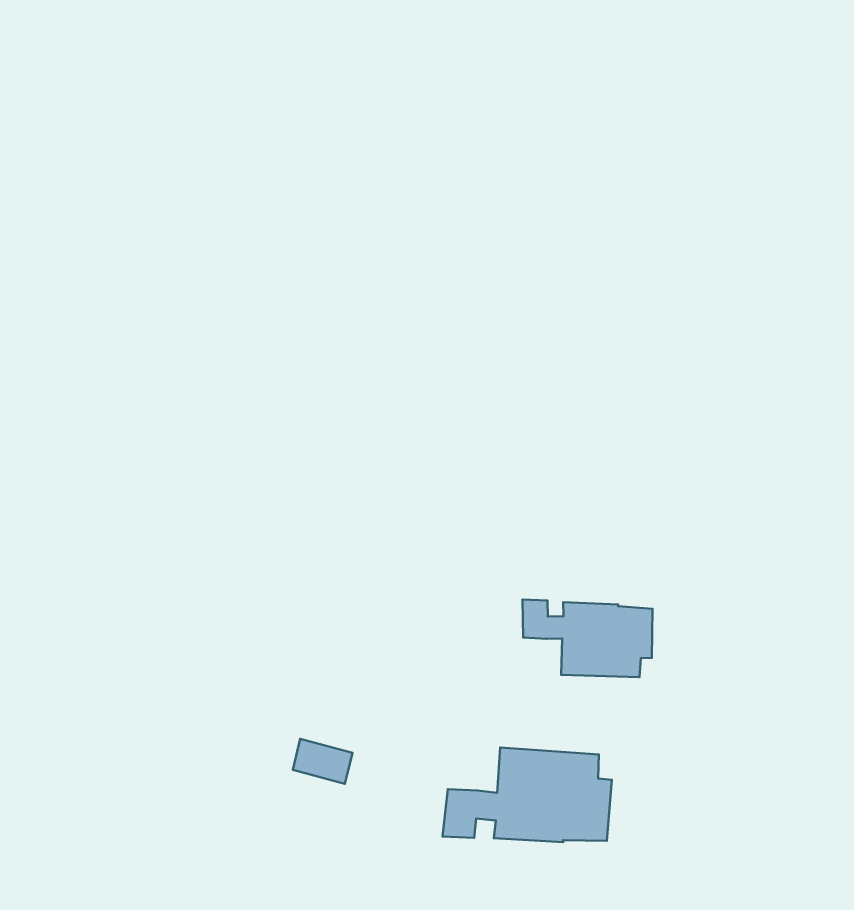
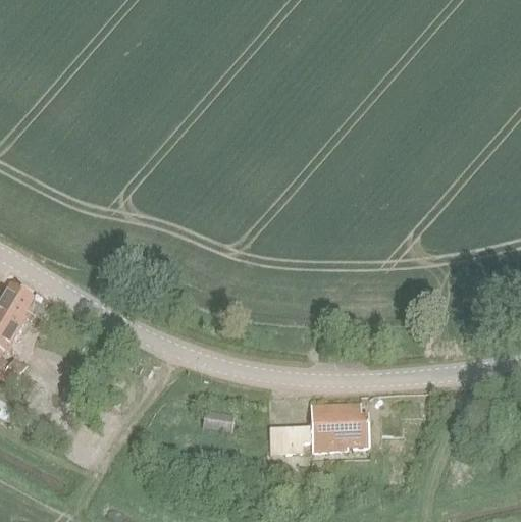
building: [523,599,653,677] -> none

